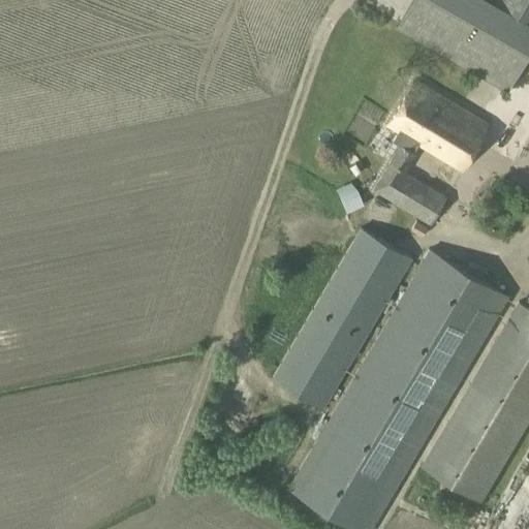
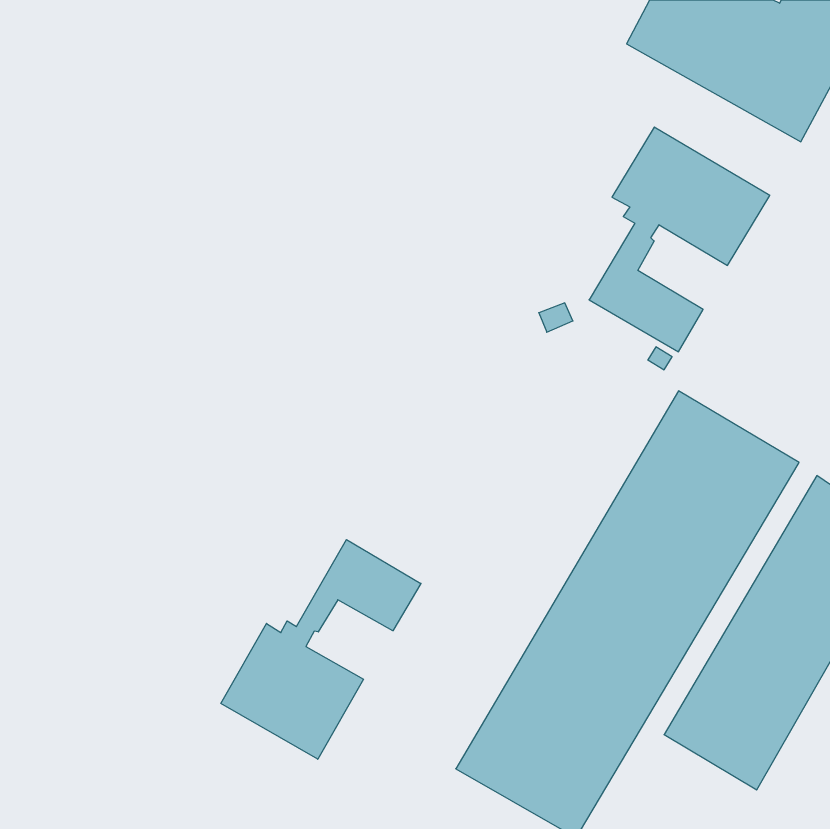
building: [274,230,411,409] -> none
building: none -> [221,540,421,759]

